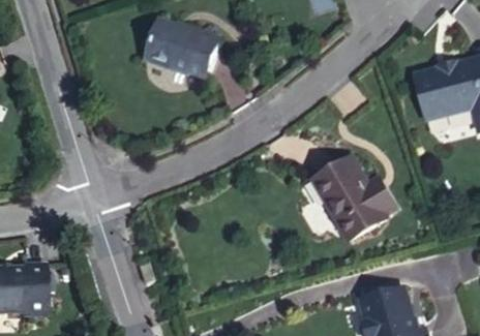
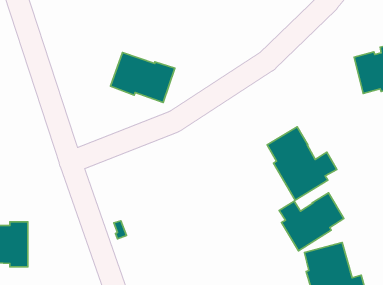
building: [142,19,215,75] -> [111,53,175,102]
building: none -> [279,193,344,251]

